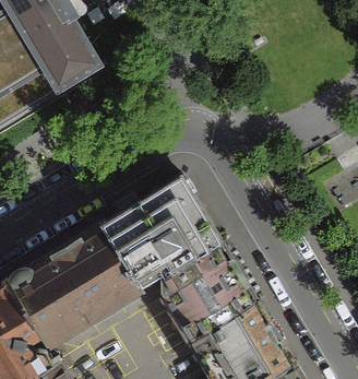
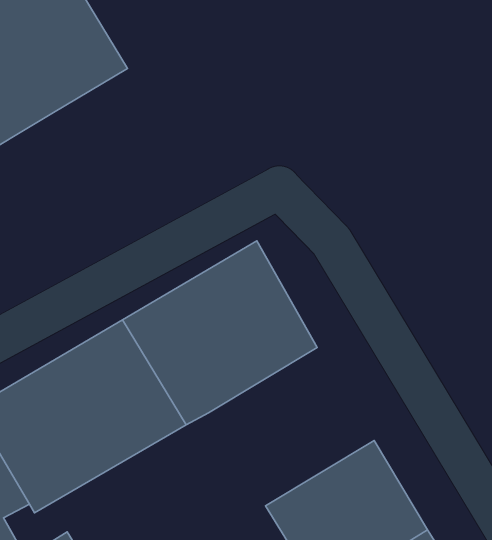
building: [153,245,258,345] -> none

